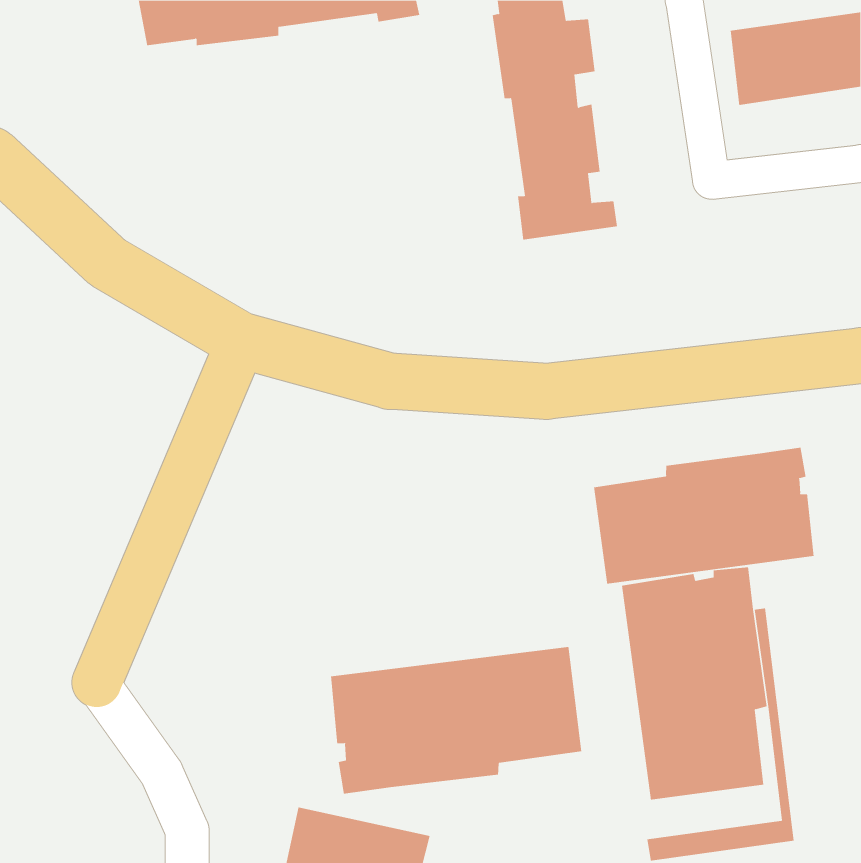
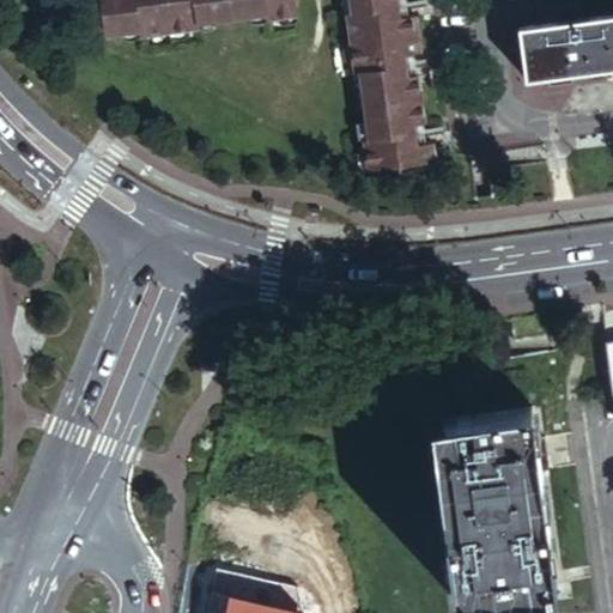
building: [594,447,814,585] -> none
building: none -> [429,417,550,595]
building: [331,646,582,794] -> none

